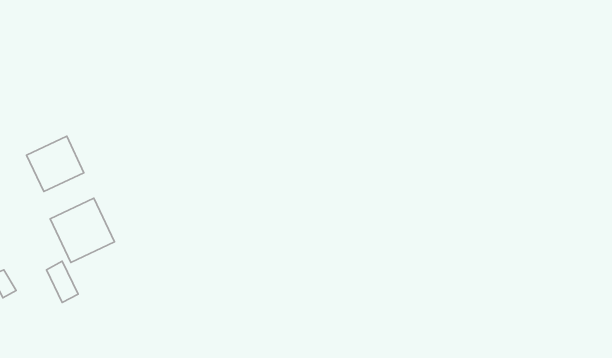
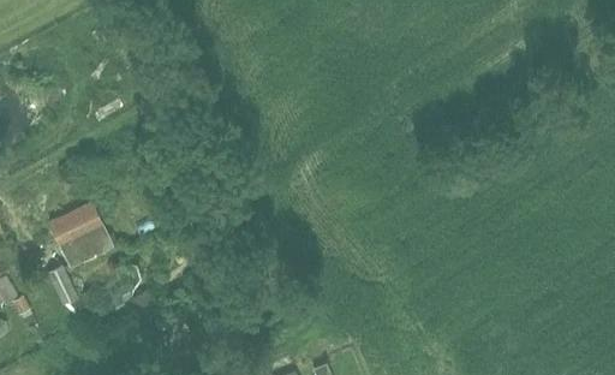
building: [26,136,84,192] -> none

